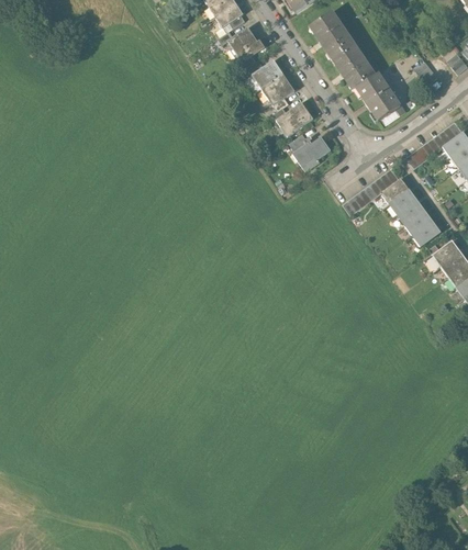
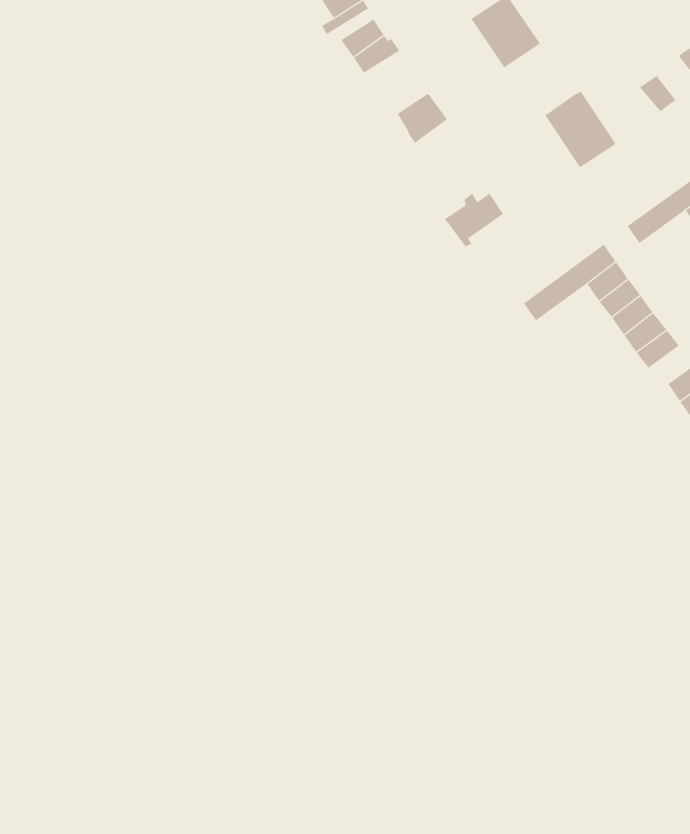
building: [331,42,375,89] -> none
building: [247,59,283,91] -> none
building: [278,101,313,135] -> none

